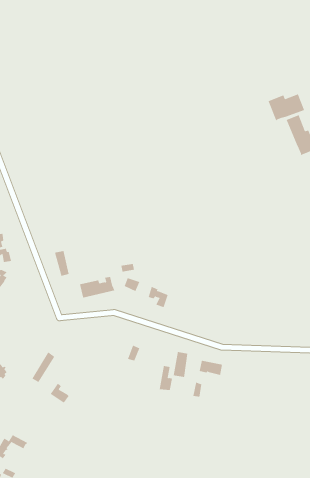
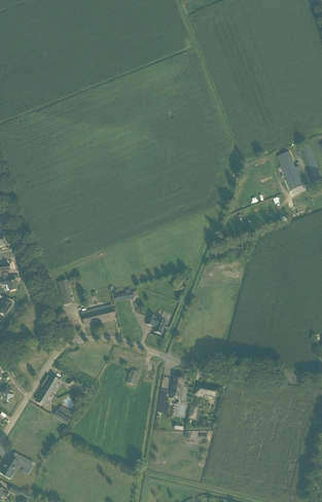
building: [268,93,305,122] -> none

